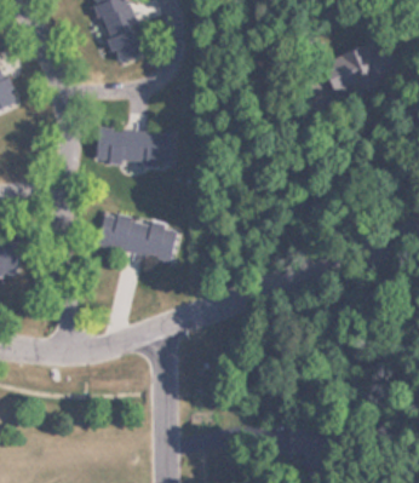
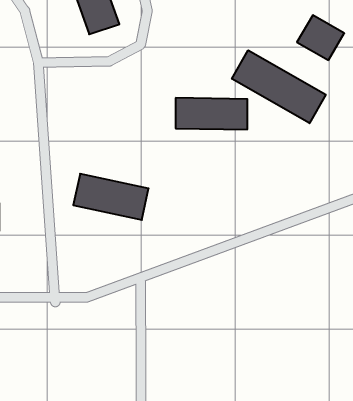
building: none -> [232,50,326,123]
building: [94,130,172,163] -> [176,98,247,129]

